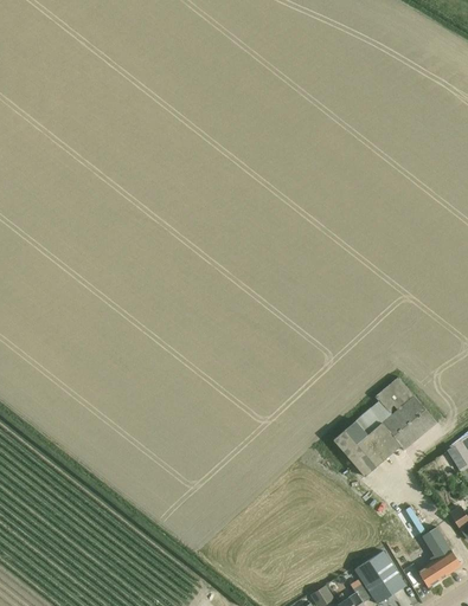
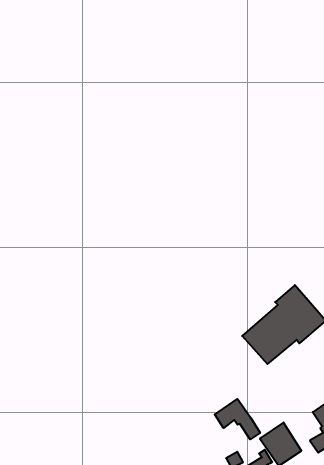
building: none -> [215,399,260,439]

